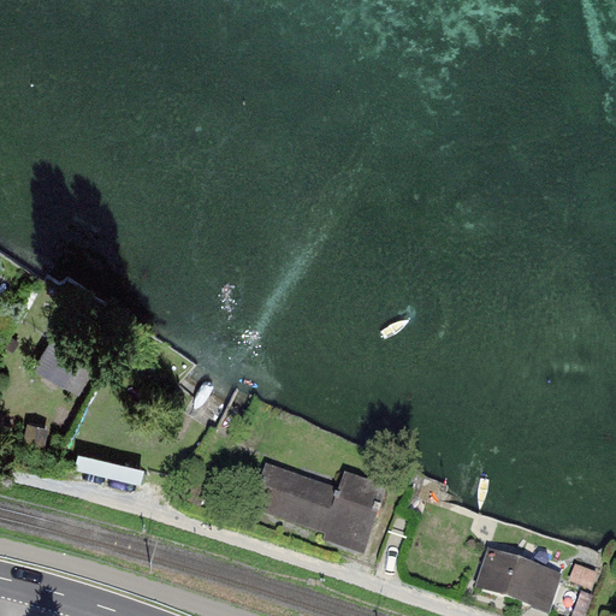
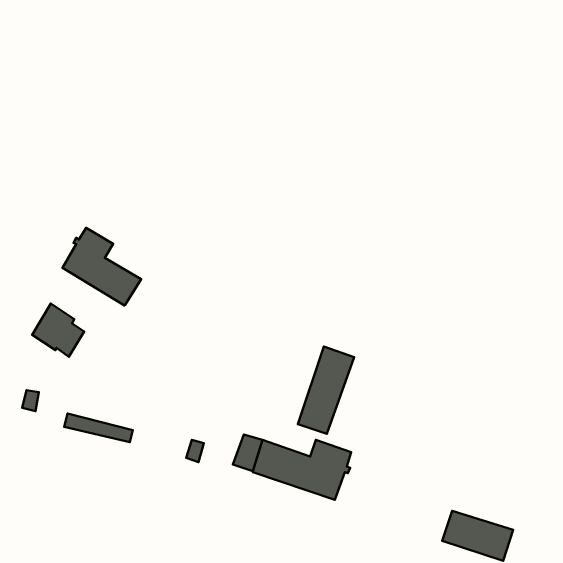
building: none -> [62,228,141,305]
building: none -> [298,347,354,434]

